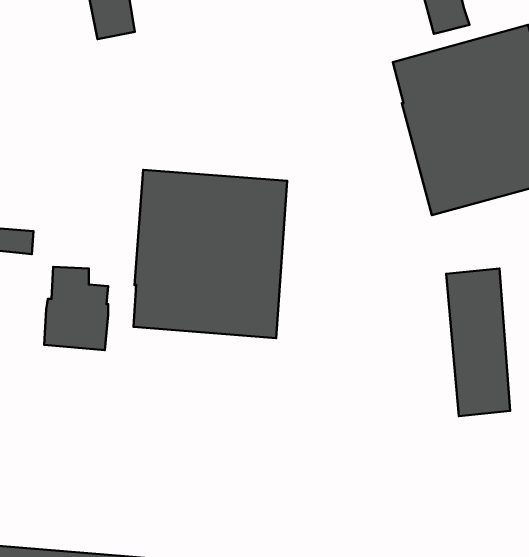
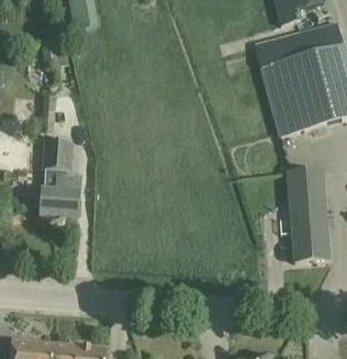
building: [134,170,287,338] -> none
building: none -> [43,139,71,170]

